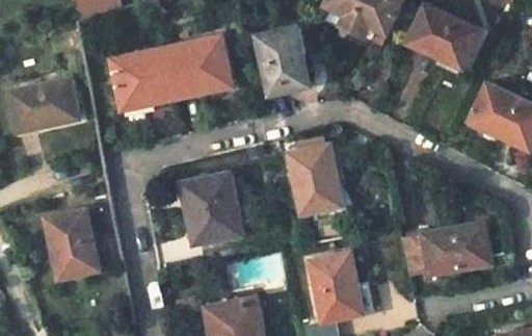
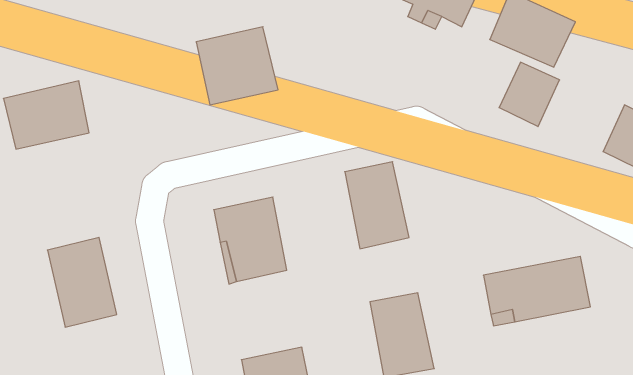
building: [257,27,310,95] -> none
building: [112,46,178,110] -> none
building: [470,83,520,136] -> [499,62,560,127]

